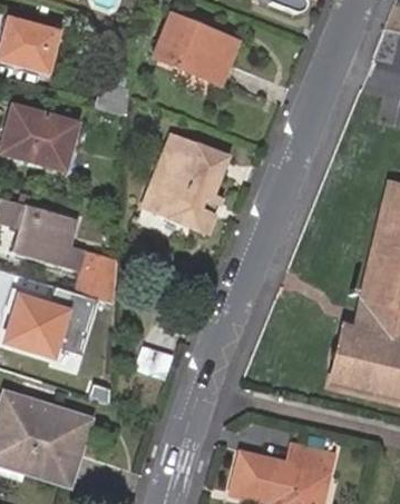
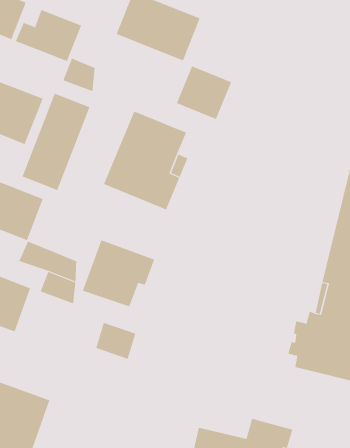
building: none -> [15,9,82,62]
building: none -> [176,65,232,120]
building: none -> [22,93,90,191]
building: none -> [82,239,155,307]

